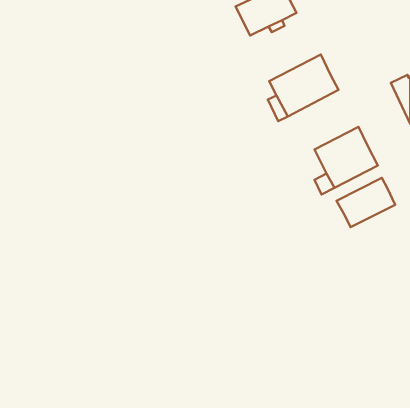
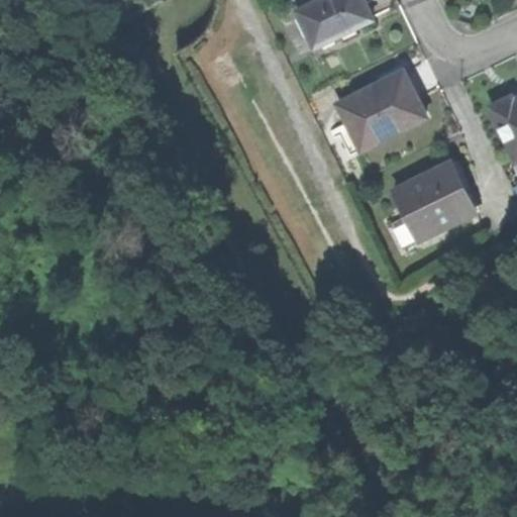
building: [337,178,395,227] -> none

